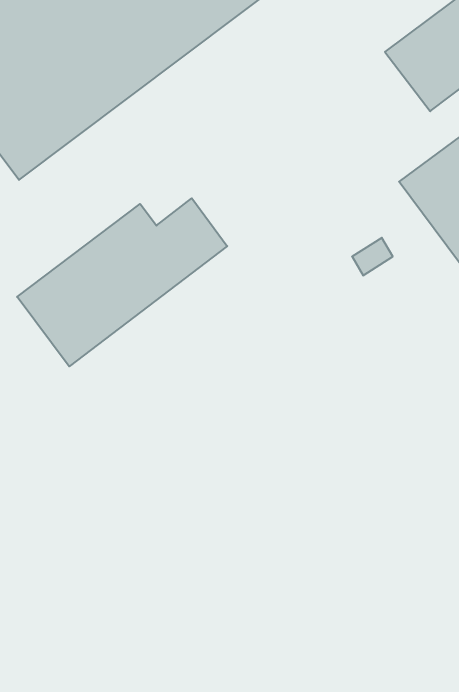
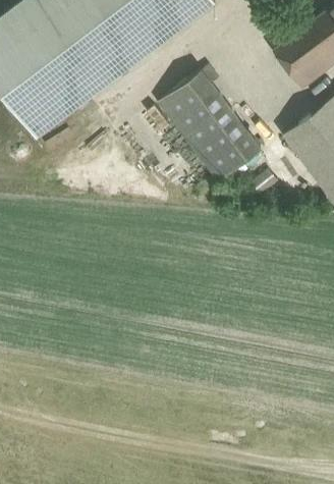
building: none -> [159,69,262,181]
building: [17,198,227,366] -> none

